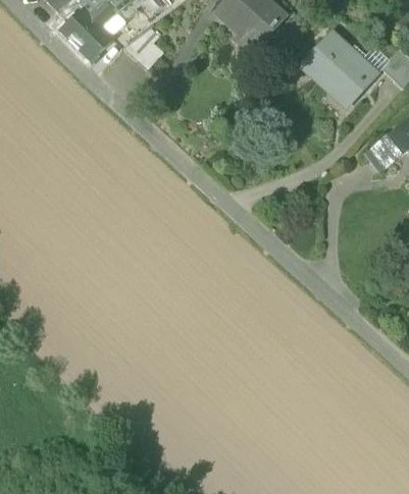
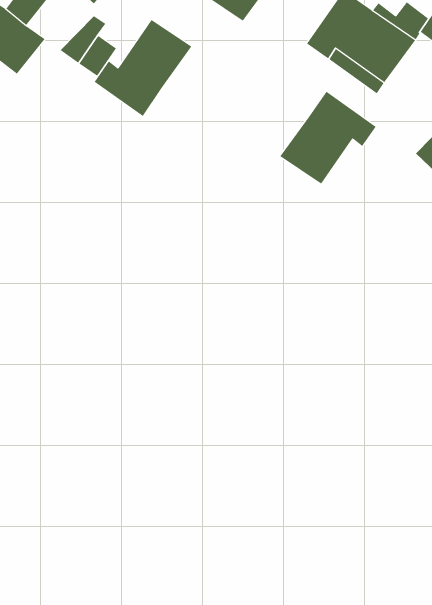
building: none -> [94,19,192,117]
building: none -> [280,91,376,184]

